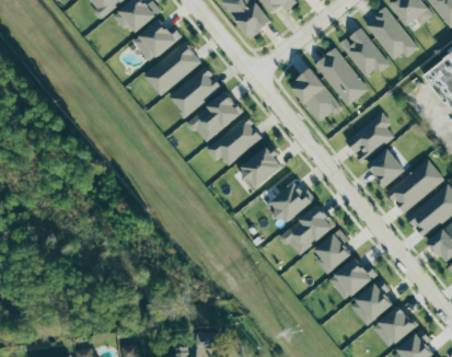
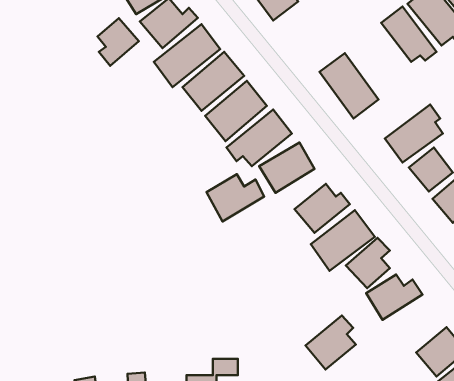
building: none -> [97,18,139,66]
building: [314,47,369,106] -> none
building: none -> [206,174,264,222]
building: [349,278,393,325] -> [305,315,356,369]

